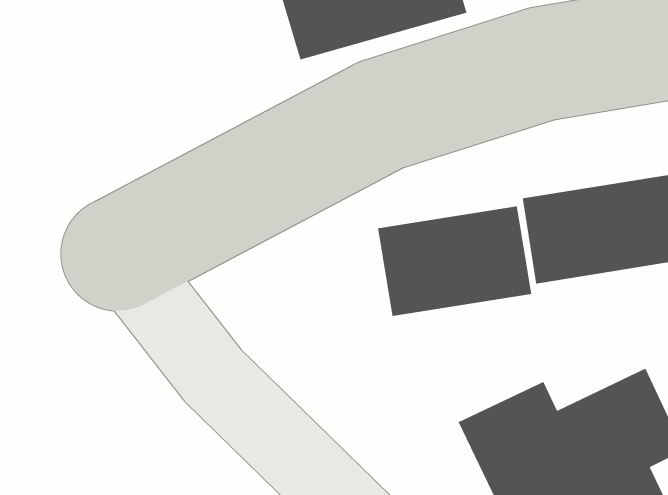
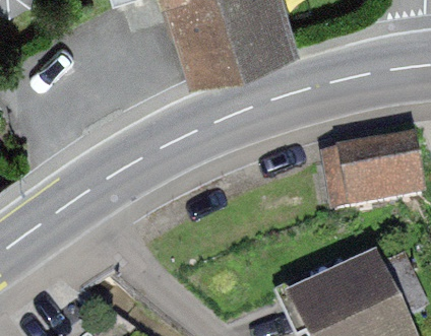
building: [377,205,532,317] -> none

